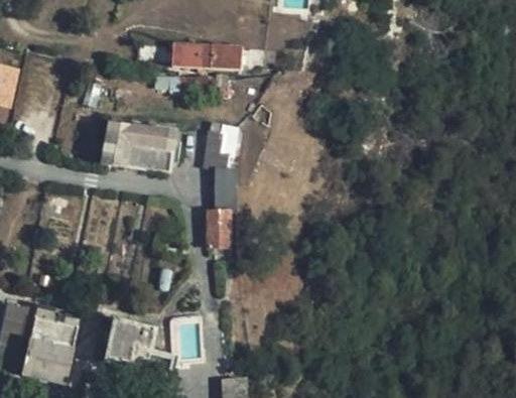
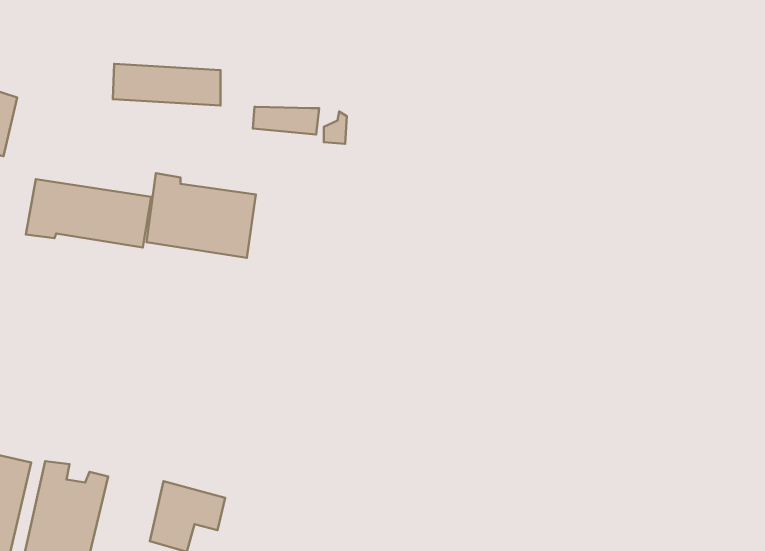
building: [170,41,241,69] -> [113,64,221,105]
building: none -> [26,179,151,247]
building: [205,124,239,251] -> none

